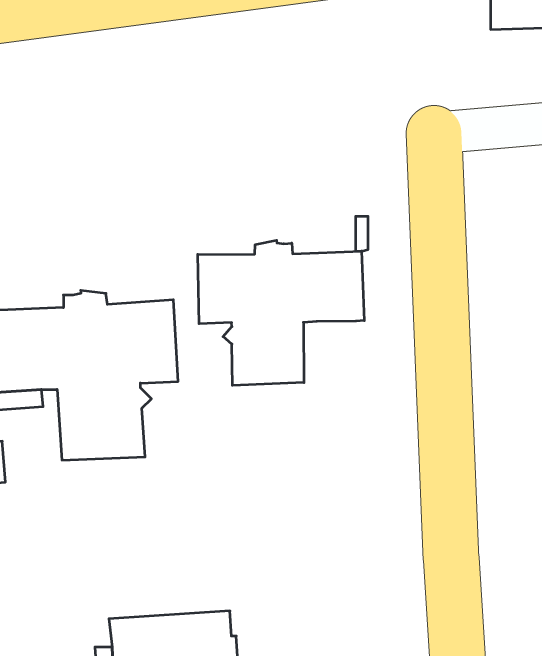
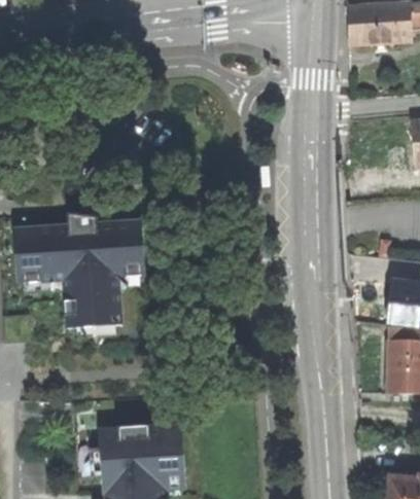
building: [198,240,364,385] -> none

